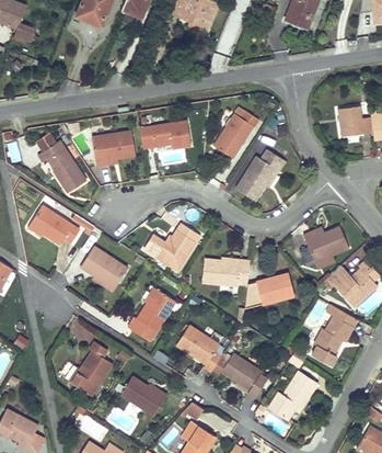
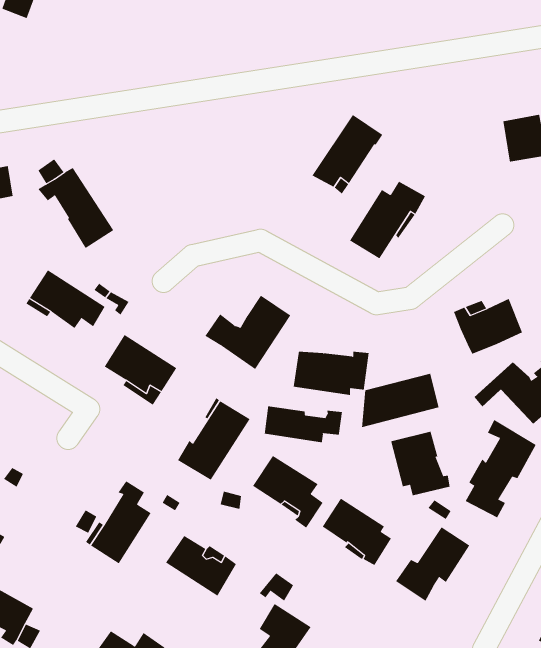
building: [140,121,192,149] -> none
building: [92,131,136,167] -> none
building: none -> [264,405,342,443]
building: none -> [391,431,450,496]

